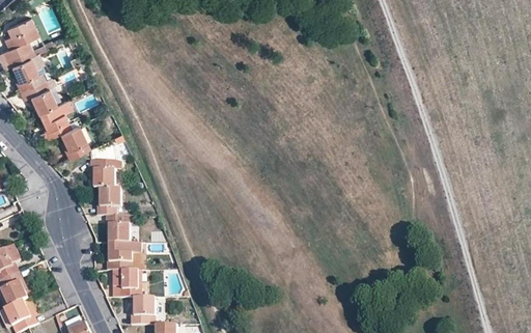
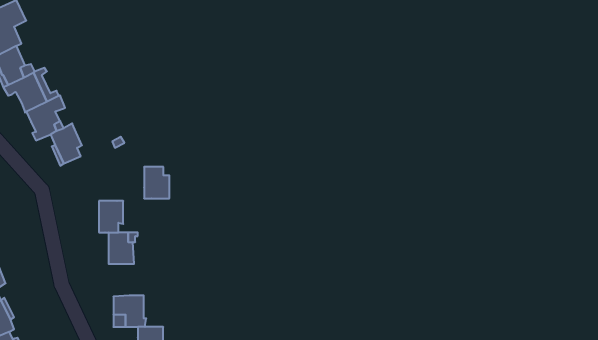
building: [93,162,115,189] -> [144,167,169,198]
building: [106,243,140,271] -> none

